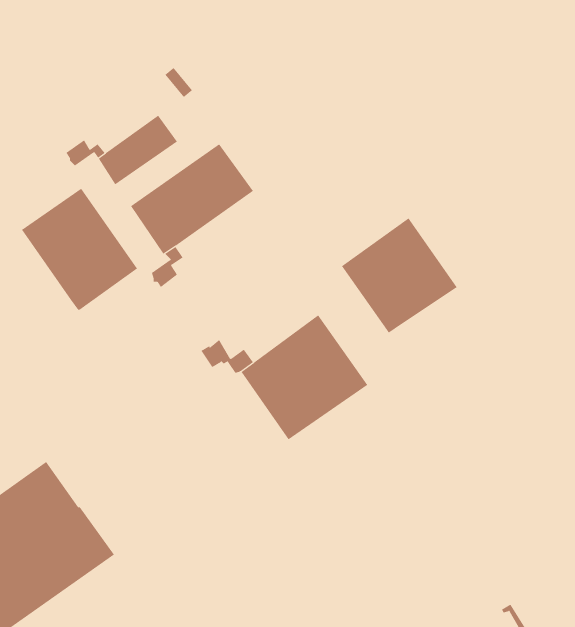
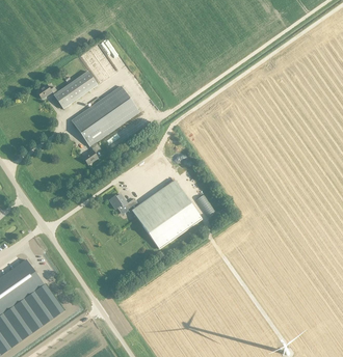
building: [21,188,138,311] -> none
building: [341,218,458,333] -> none

